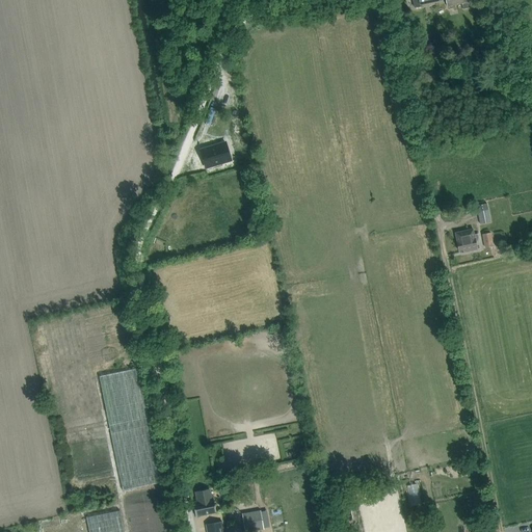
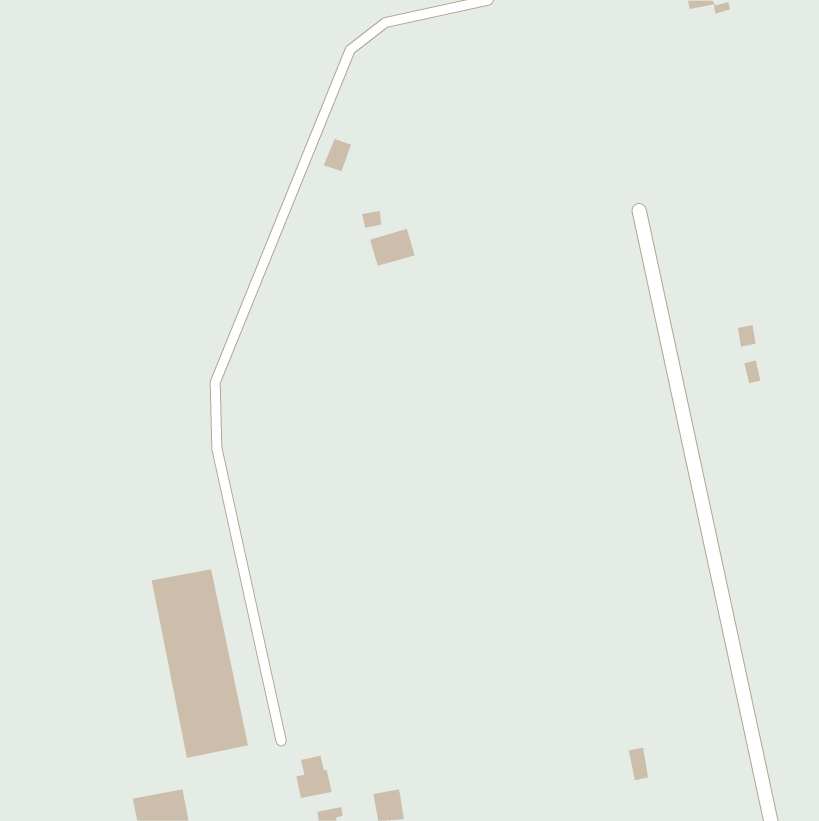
building: [200,142,230,167] -> [369,228,416,267]
building: [454,230,479,252] -> none

